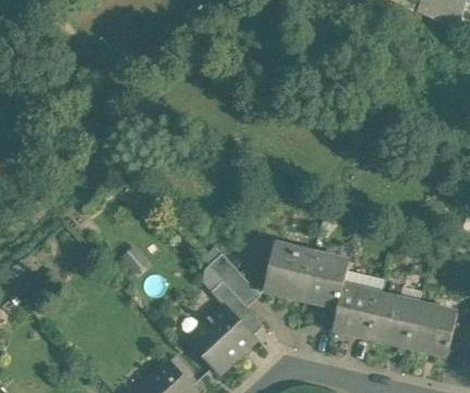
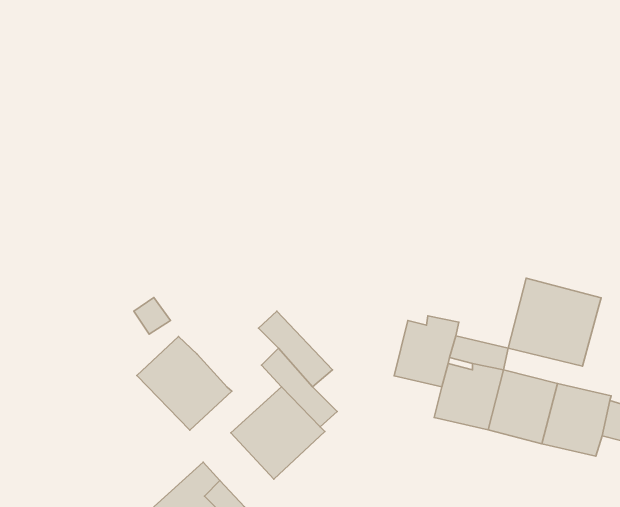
building: none -> [508,278,601,366]
building: [266,246,314,298] -> none
building: none -> [137,337,232,430]

